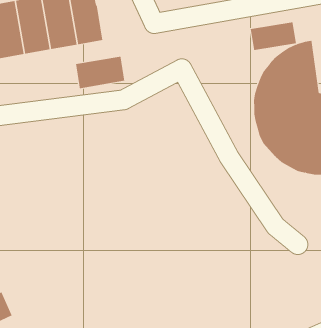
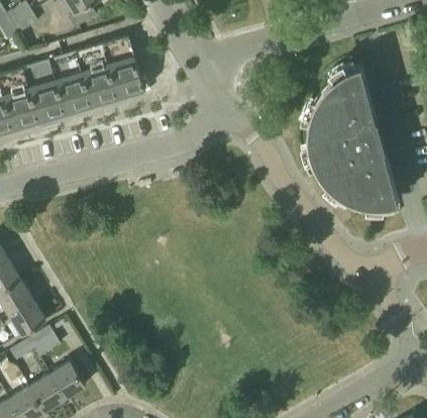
building: [250,22,297,51] -> none
building: [75,56,125,89] -> none

